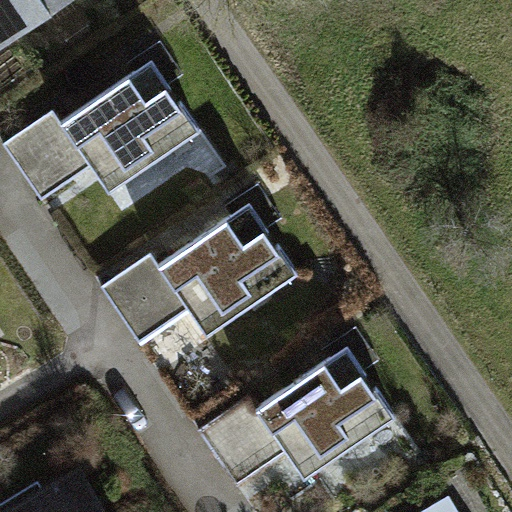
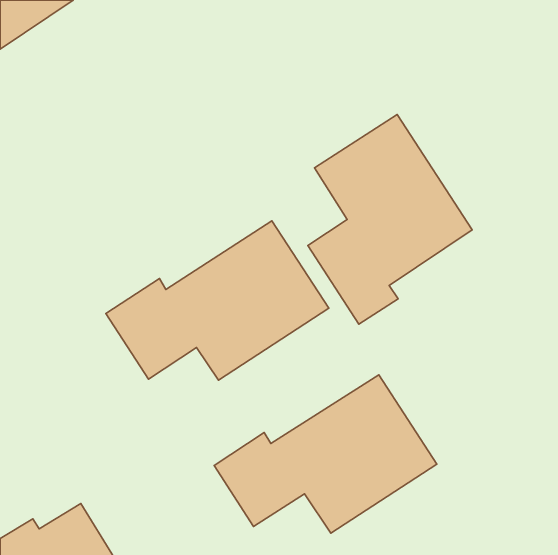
building: [5,61,204,201] -> none
building: none -> [308,115,472,324]

